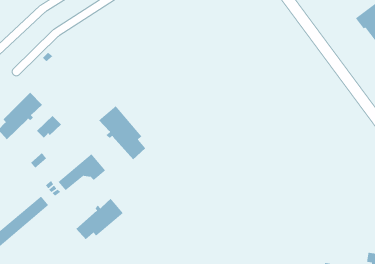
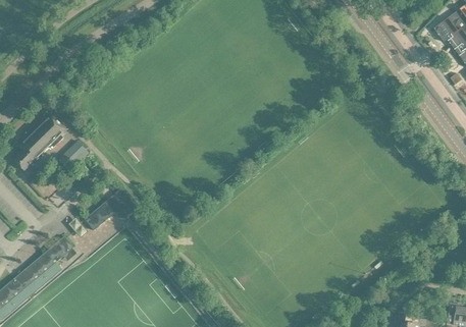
building: [98,105,146,160] -> none
building: [76,198,124,240] -> none

